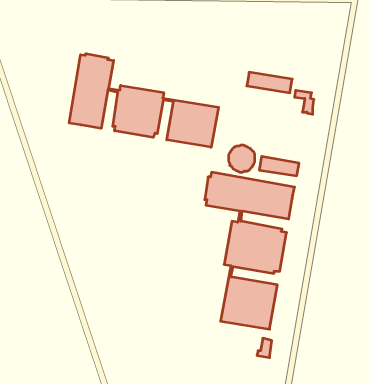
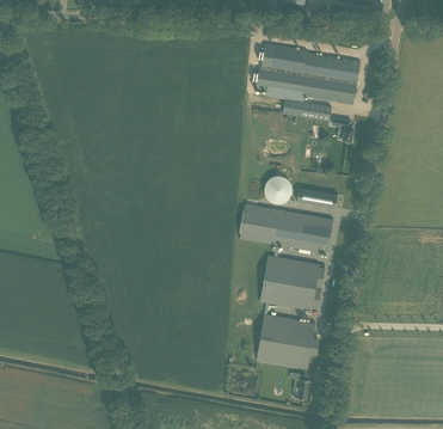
building: none -> [252,43,359,104]
building: [69,54,219,147] -> none

